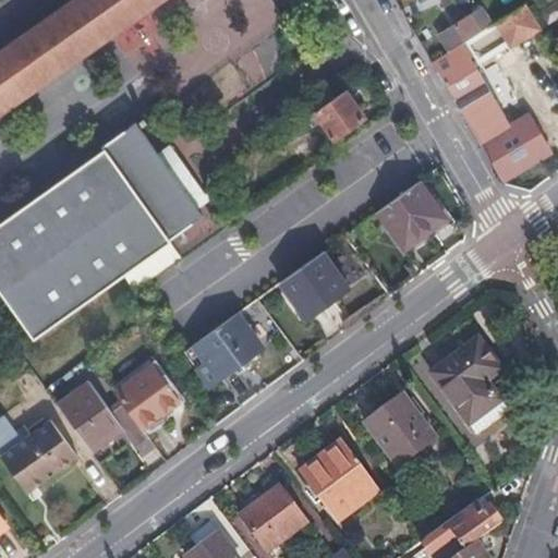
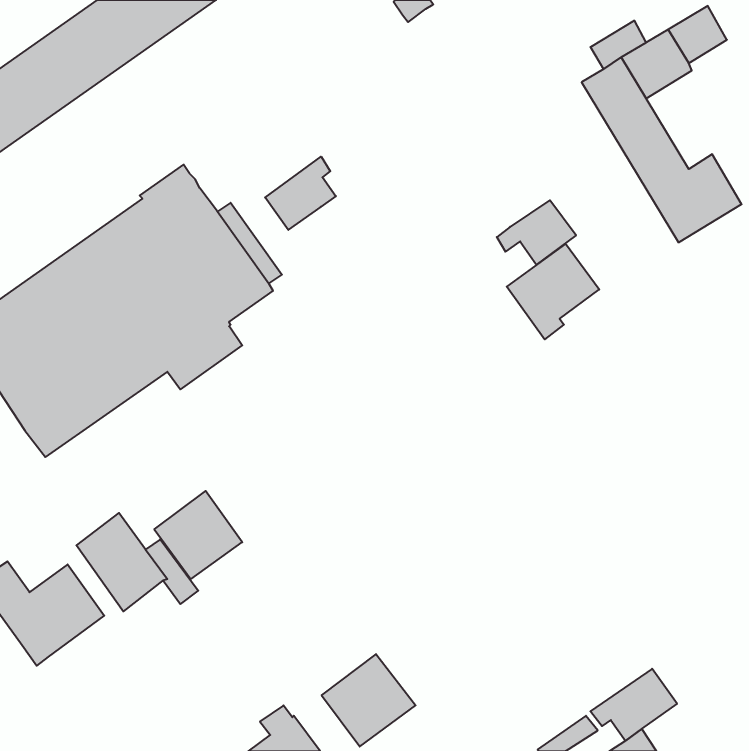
building: [305,90,364,138] -> [497,200,576,265]
building: none -> [265,157,336,230]
building: [278,251,350,320] -> none
building: [184,313,262,379] -> none
building: [429,337,509,435] -> none
building: [364,395,436,468] -> none
building: [299,440,378,523] -> none

